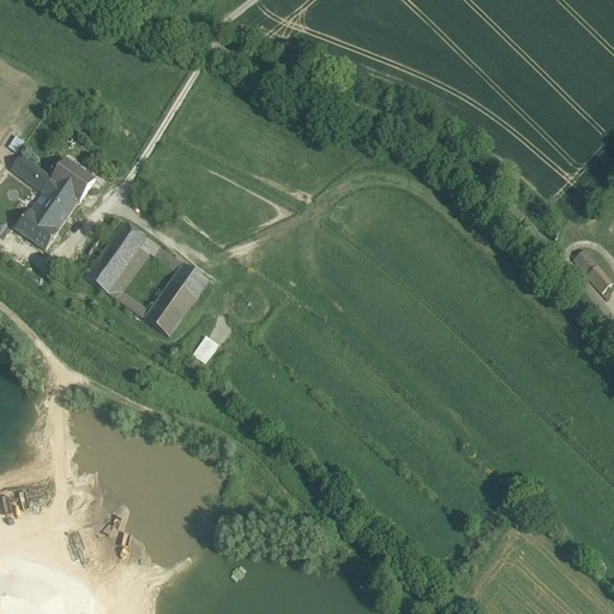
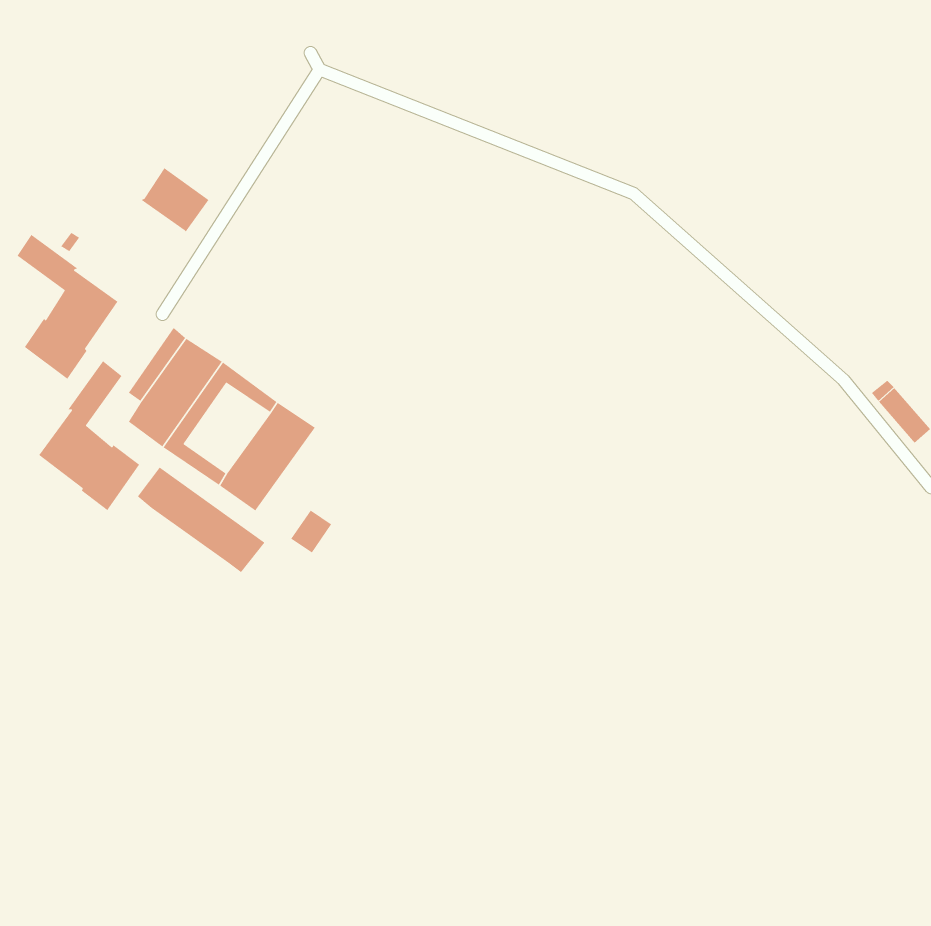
building: [49,156,95,199] -> [140,167,210,233]
building: none -> [38,360,140,511]
building: none -> [137,466,265,573]

